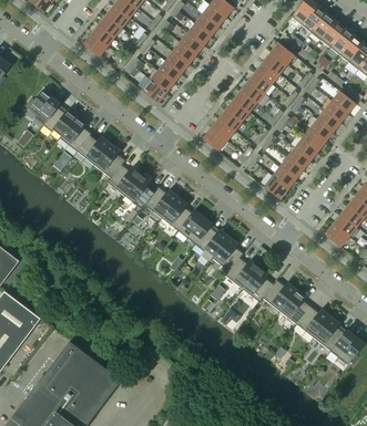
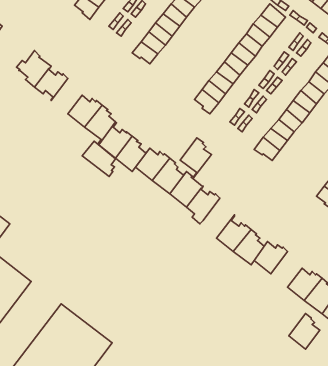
building: [60,117,91,153] -> none
building: none -> [82,141,116,176]
building: [212,237,243,277] -> [180,138,211,178]
building: [279,290,310,325] -> [289,314,320,349]

